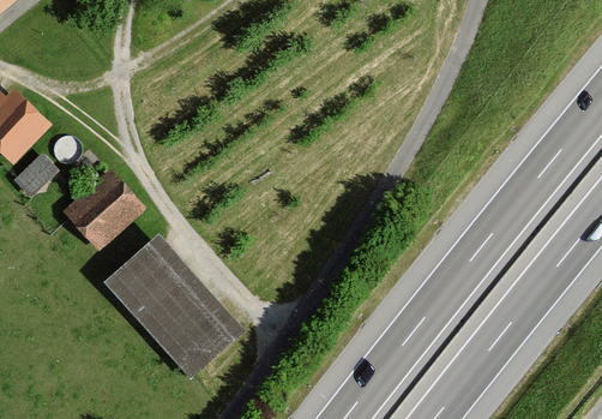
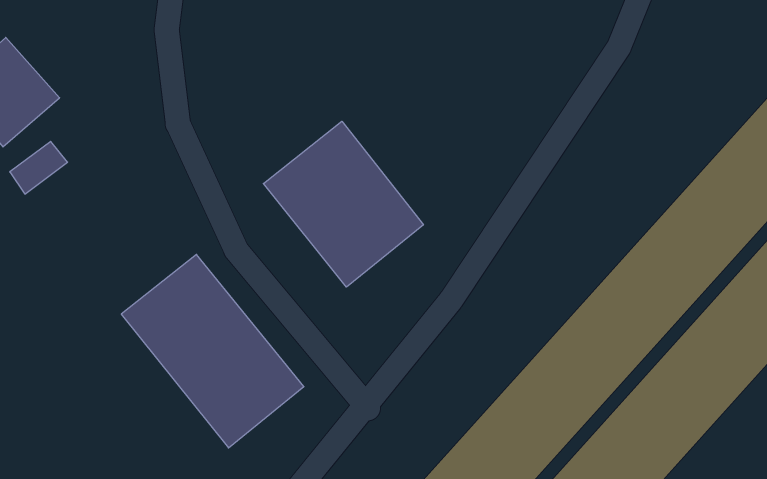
building: none -> [263,121,423,287]
building: [62,169,148,255] -> none

